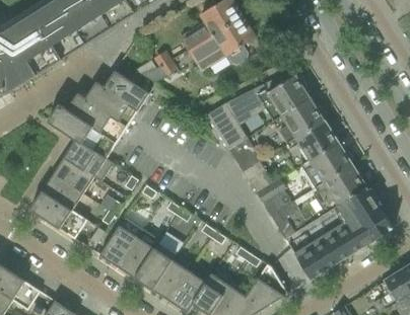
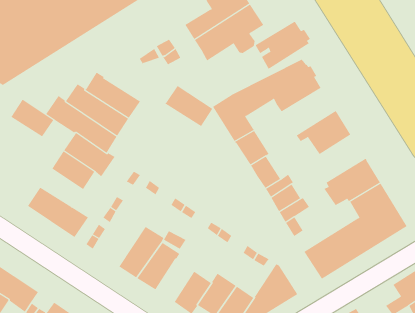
building: [102,71,149,110] -> [164,85,213,127]
building: [272,97,326,144] -> [255,21,311,70]
building: [300,142,353,187] -> none
building: [42,174,83,211] -> [11,99,54,137]
building: [99,217,142,267] -> none
building: [152,260,189,301] -> none

